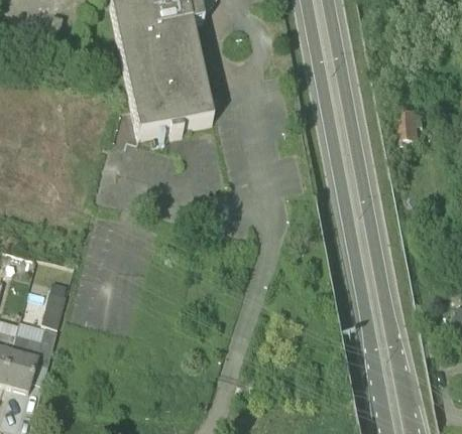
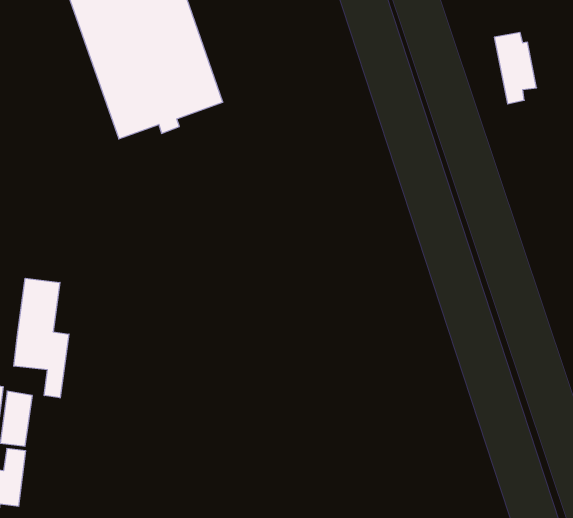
building: none -> [14,278,69,398]

